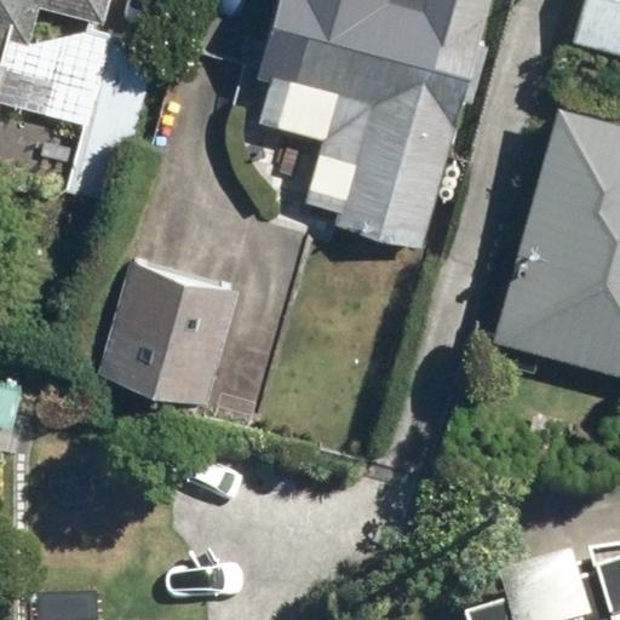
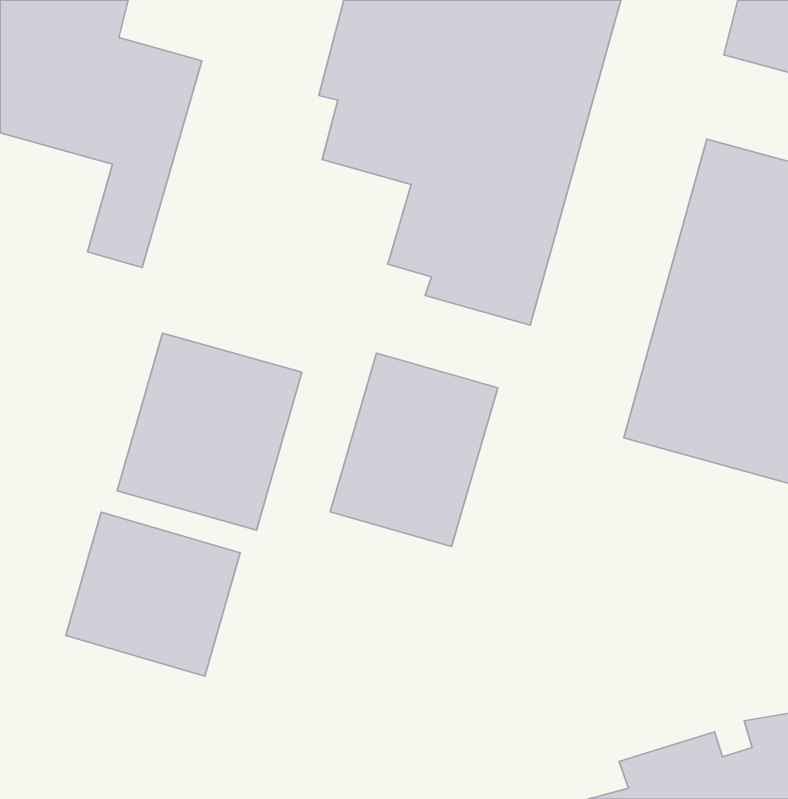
building: none -> [330,353,498,547]
building: none -> [66,512,240,676]

